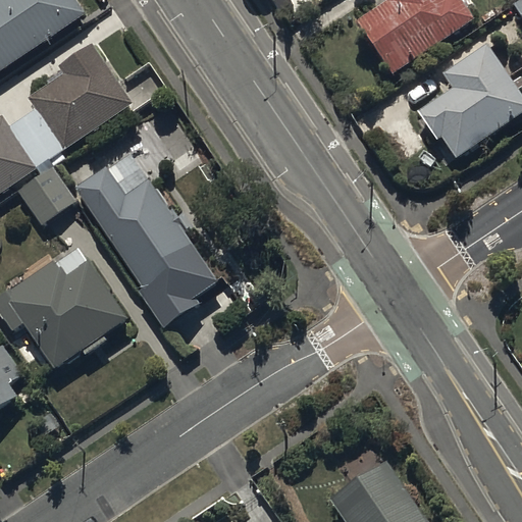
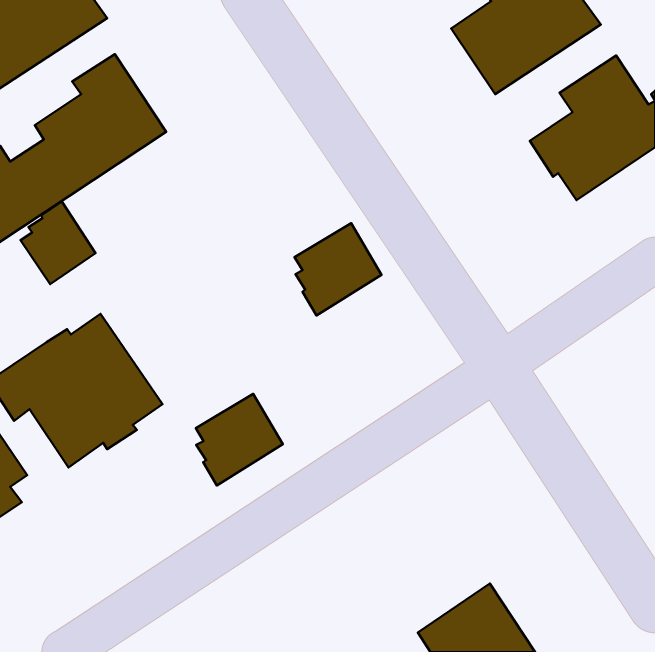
building: [76,133,200,329] -> none
building: none -> [294,223,382,316]
building: none -> [196,394,283,485]

